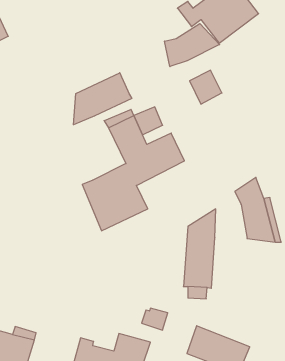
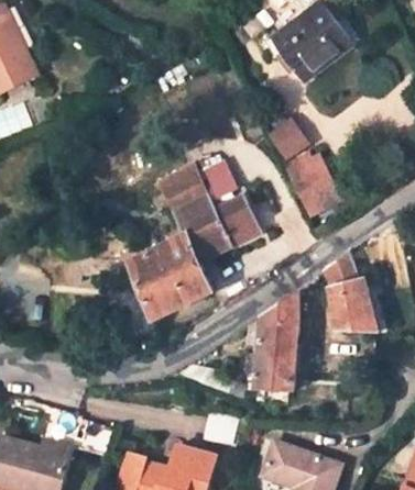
building: [165,24,220,67] -> none
building: [73,73,132,125] -> none
building: none -> [286,154,339,213]

